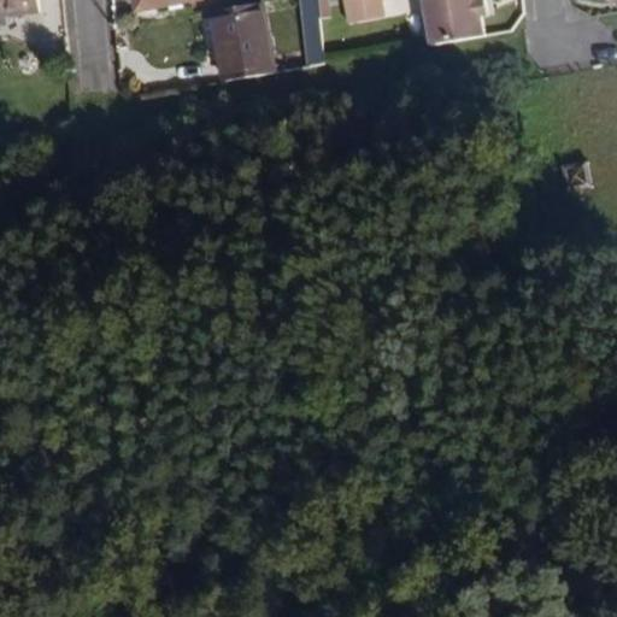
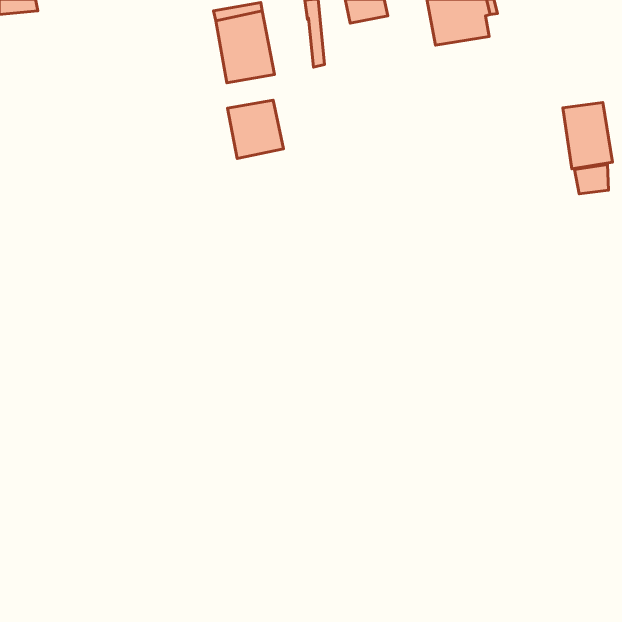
building: none -> [227,100,283,158]
building: none -> [563,103,613,169]

